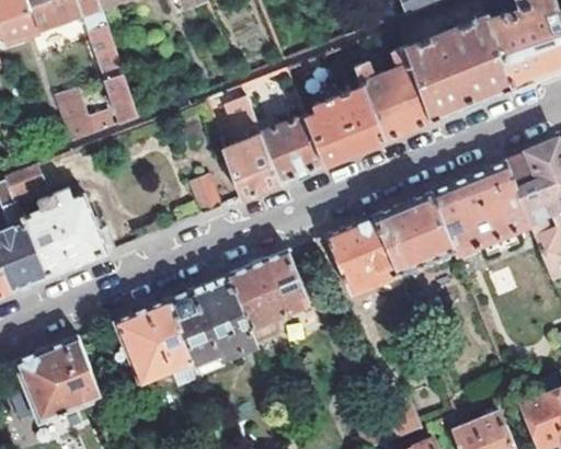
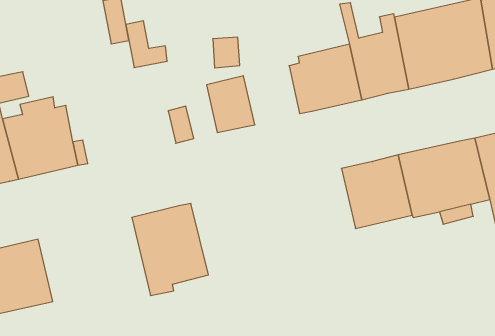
building: [61,91,110,140] -> [126,21,167,68]
building: [261,117,324,183] -> none
building: [328,214,400,291] -> none
building: [228,250,309,344] -> none
building: [115,298,203,387] -> none

